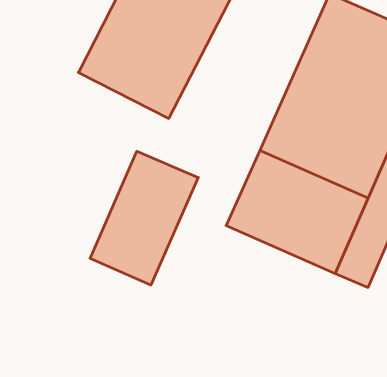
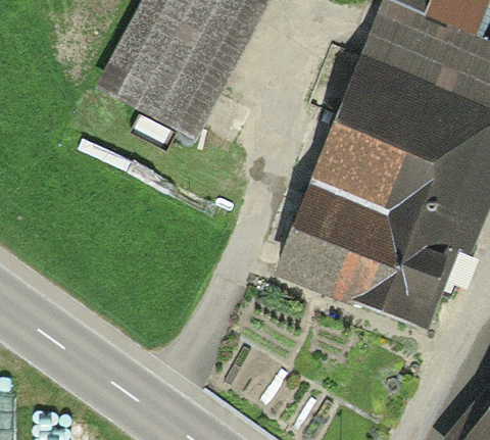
building: [90,151,198,285] -> none

